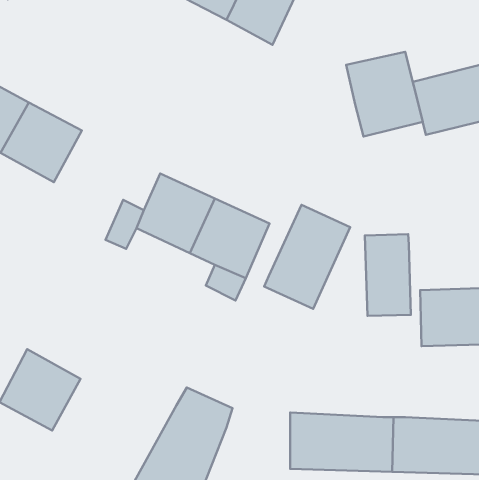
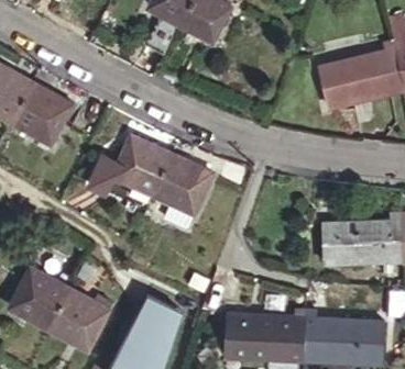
building: [346,52,423,137] -> none
building: [264,205,350,309] -> none
building: [365,234,411,316] -> none
building: none -> [50,289,109,349]

